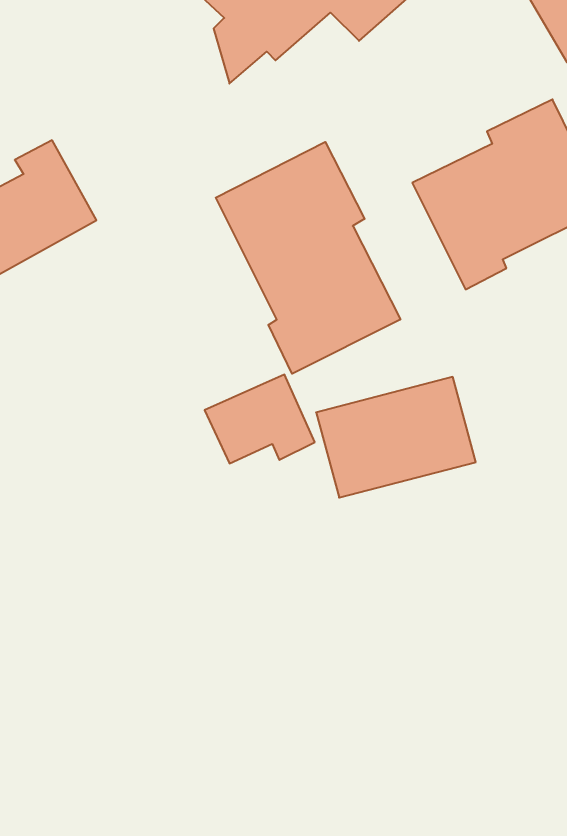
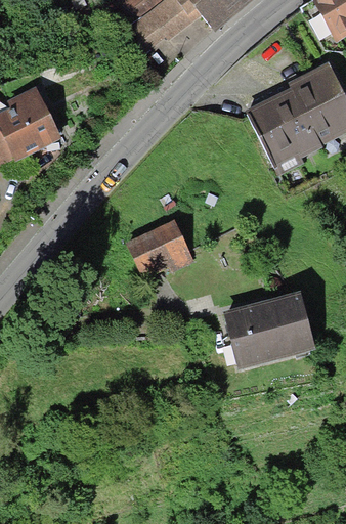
building: [216,142,400,374] -> none
building: [316,377,476,498] -> [222,296,314,365]

